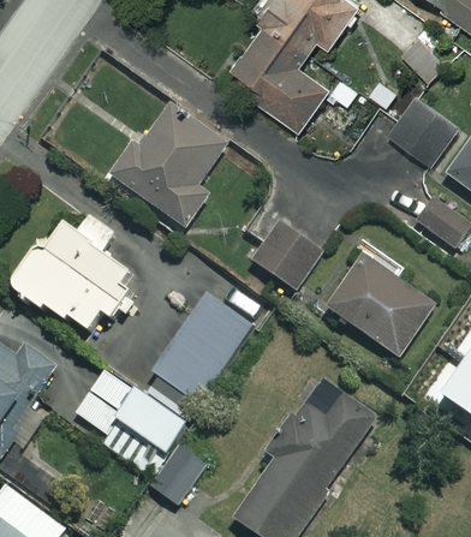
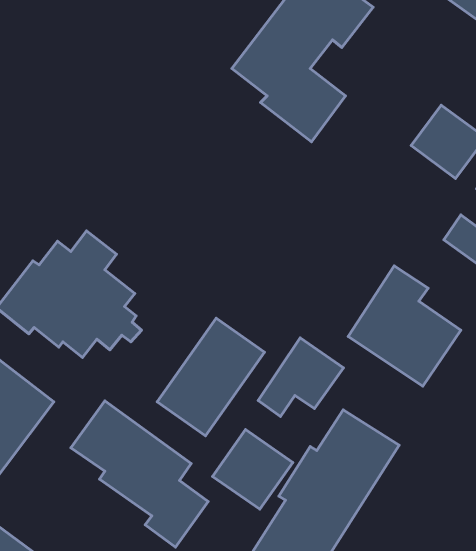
building: [107,101,228,229] -> none
building: [242,222,320,294] -> [258,338,343,416]
building: none -> [212,429,293,509]

